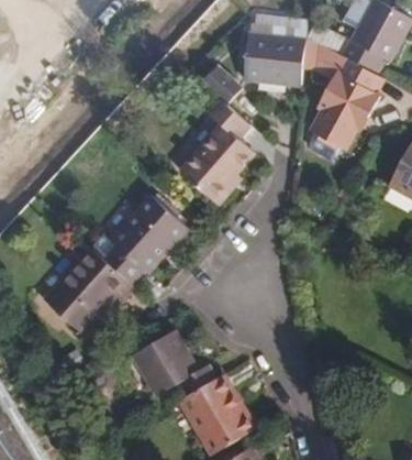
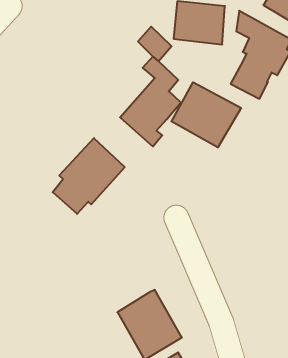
building: none -> [171,82,241,147]
building: [45,248,135,332] -> none
building: [134,333,215,403] -> none

